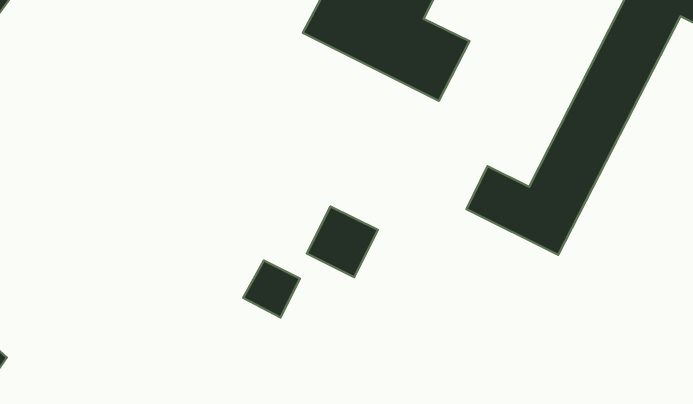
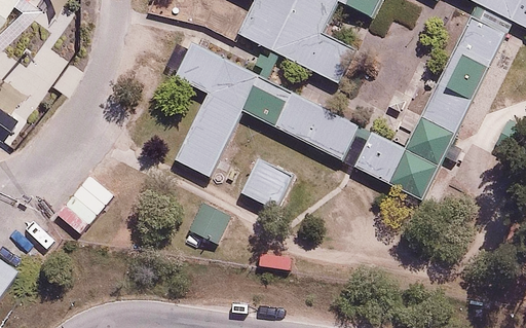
building: none -> [176,41,362,175]

